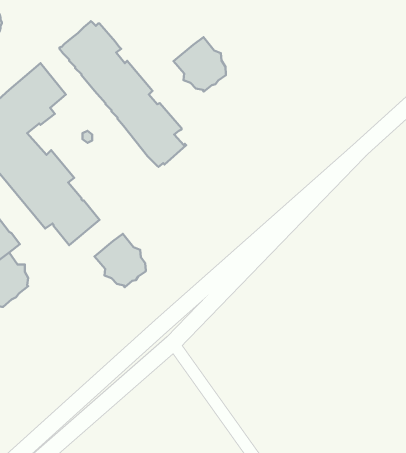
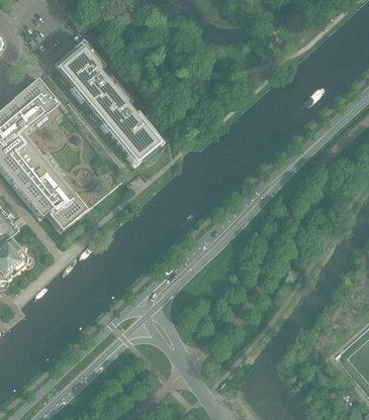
building: [174,37,226,92] -> none
building: [94,234,146,287] -> none

